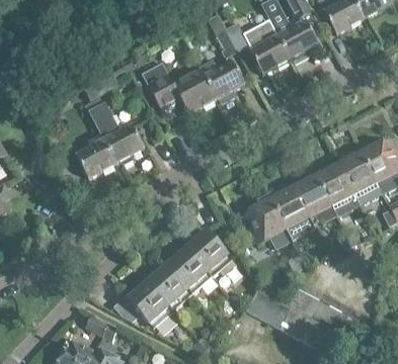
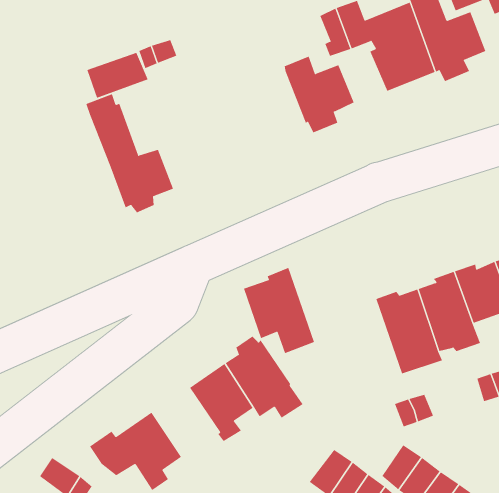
building: [140,62,216,112] -> none
building: [75,139,115,177] -> none
building: [245,196,292,248] -> [243,267,315,354]
building: [147,263,188,309] -> none

